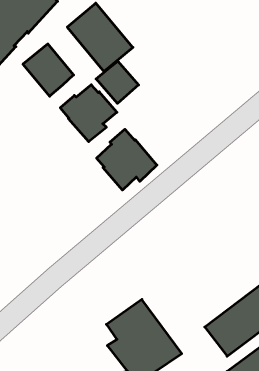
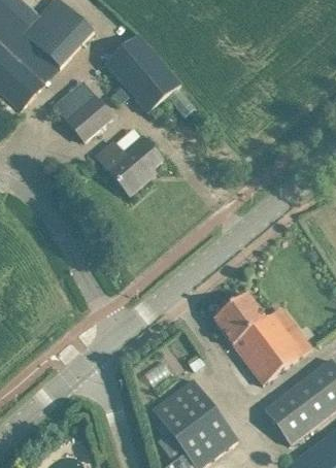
building: [96,61,139,103] -> none
building: [97,129,157,190] -> none
building: none -> [213,293,310,383]

